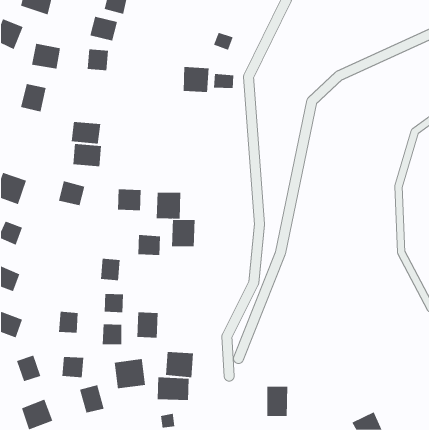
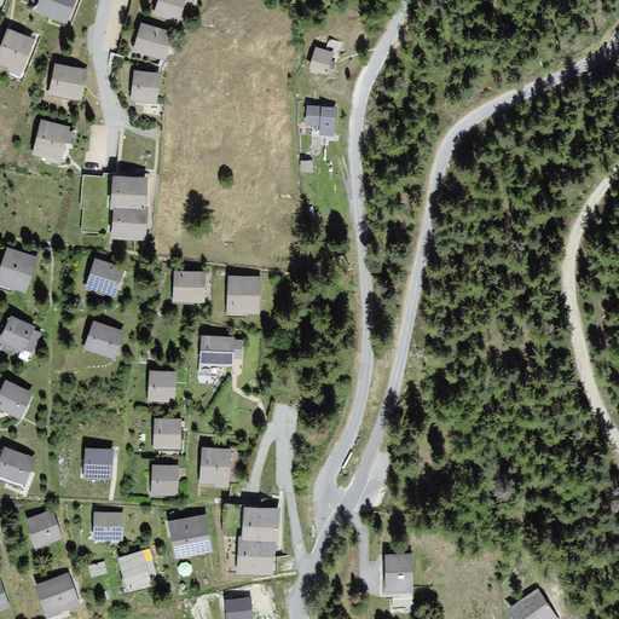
building: [183,66,209,93] -> none
building: [172,219,195,247] -> none
building: none -> [82,322,125,358]

